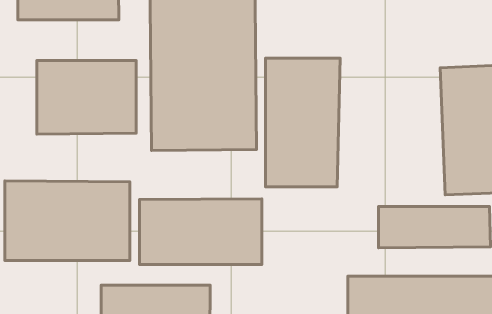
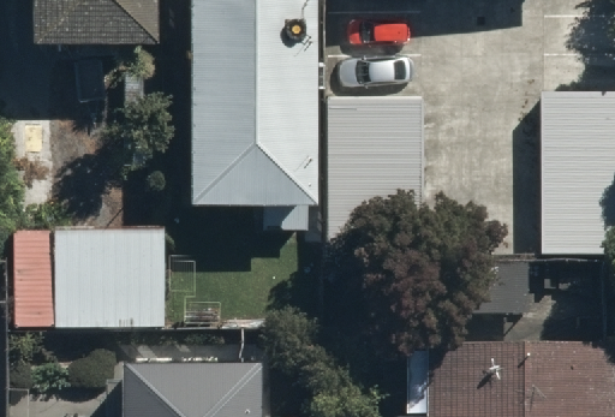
building: [37,61,136,134] -> none
building: [139,199,262,264] -> none

